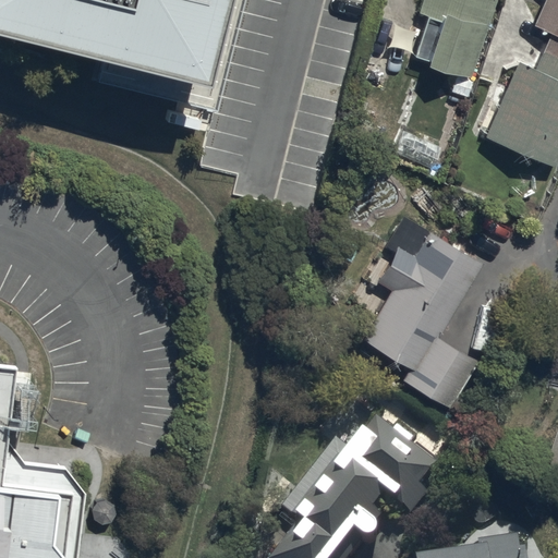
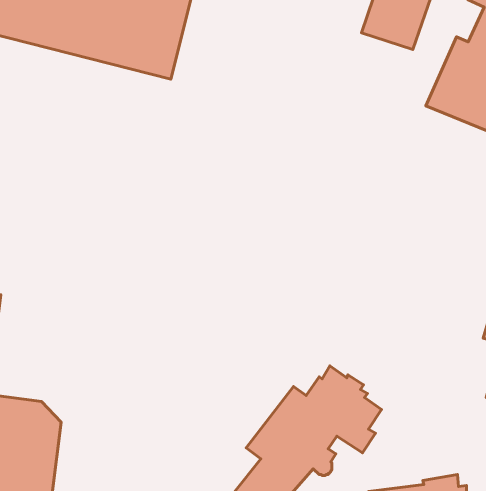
building: [363,208,483,403] -> none

